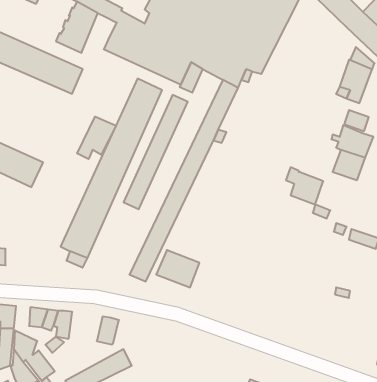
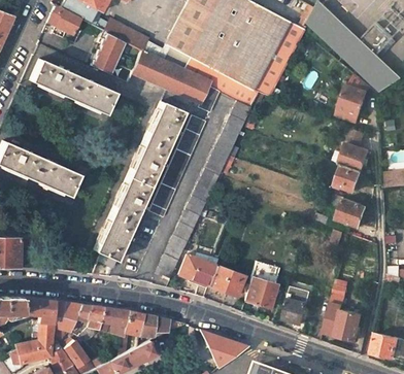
building: [77,117,116,159] -> none
building: [286,167,323,205] -> [333,194,366,227]
building: none -> [245,261,280,309]
building: none -> [206,263,242,295]
building: none -> [282,297,309,324]
building: none -> [52,301,75,332]
building: none -> [324,303,362,340]
building: none -> [99,306,129,335]
building: none -> [138,313,168,334]
building: none -> [202,331,238,358]

